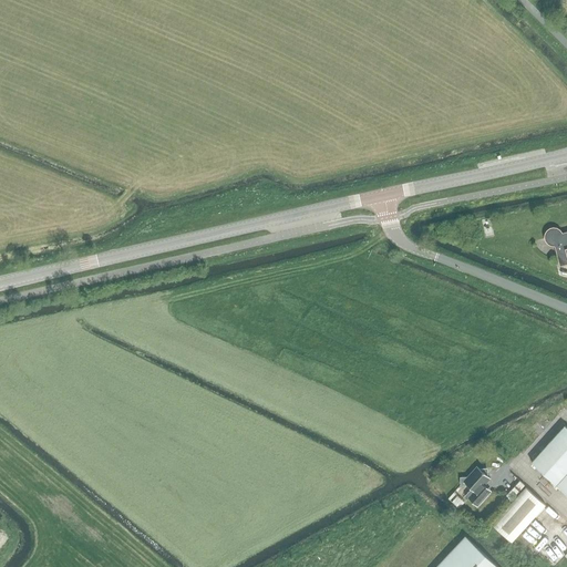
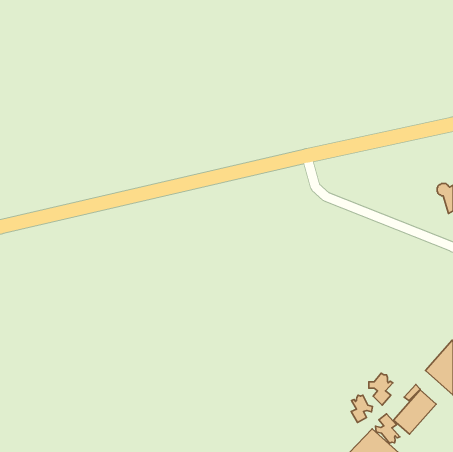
building: none -> [351,395,372,423]
building: none -> [375,414,400,443]

